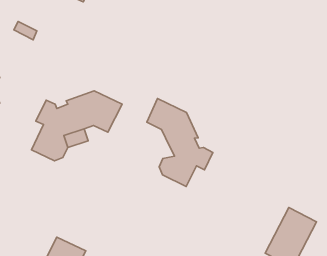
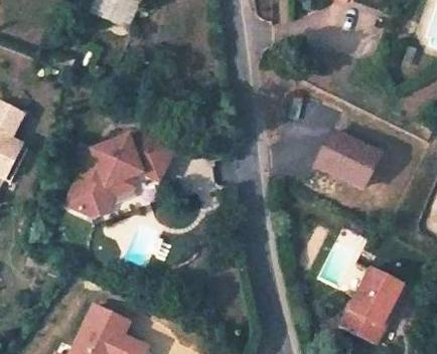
building: none -> [316,133,379,186]
building: [147,99,213,186] -> none

